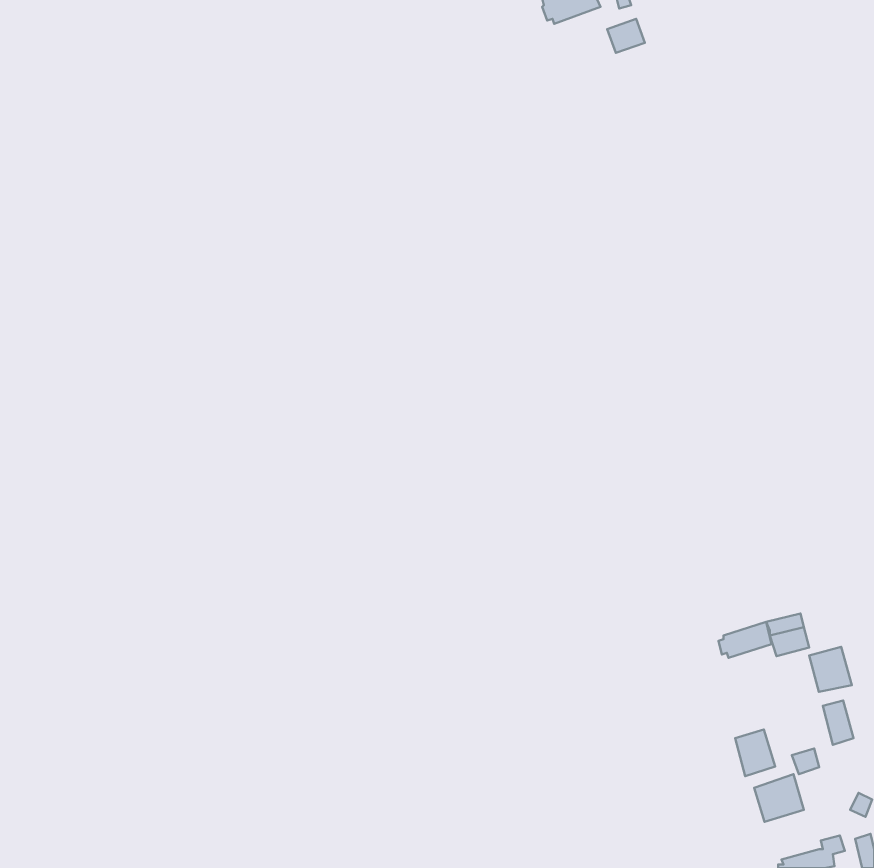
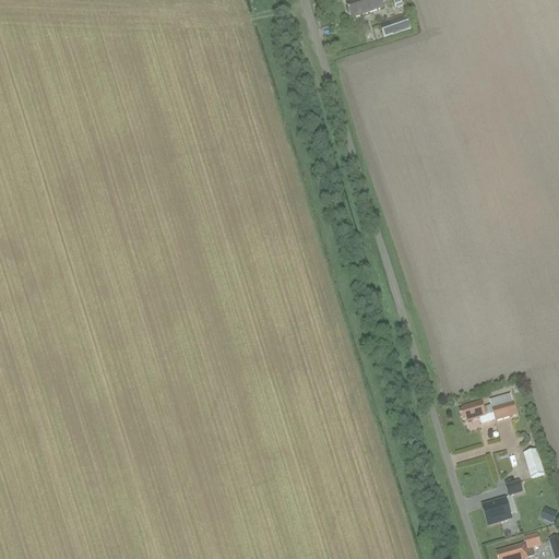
building: [809,647,852,692] -> none
building: [735,729,775,776] -> none

